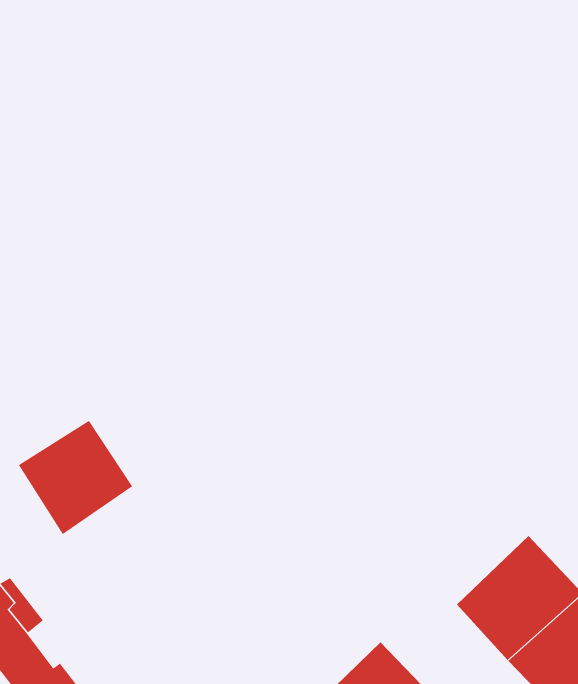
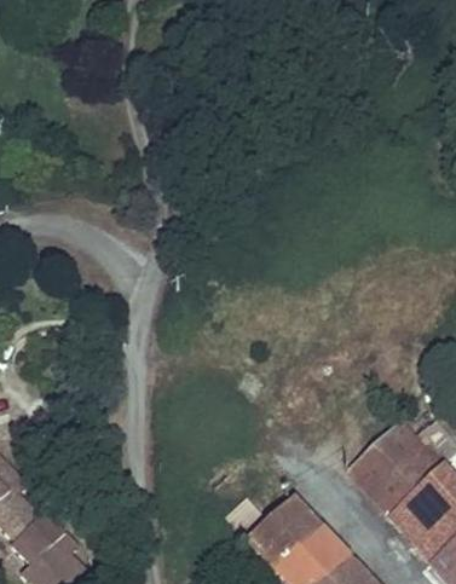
building: [18,420,133,535] -> none

